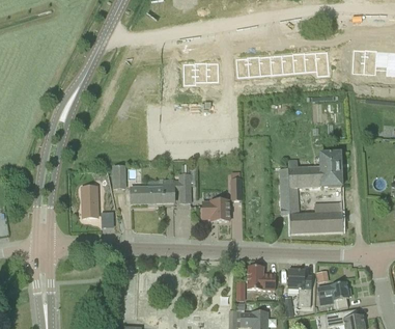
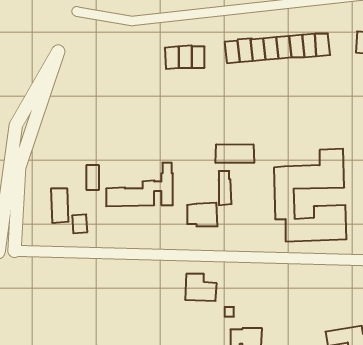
building: none -> [216,144,254,163]
building: [247,266,275,290] -> [185,274,217,301]
building: [287,267,311,306] -> none
building: [317,281,351,308] -> none

